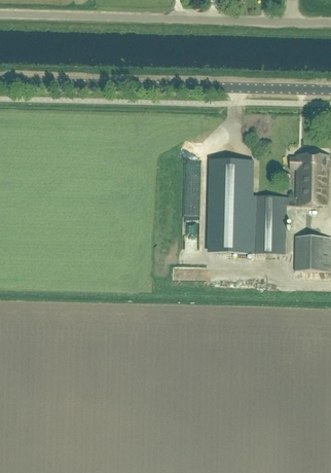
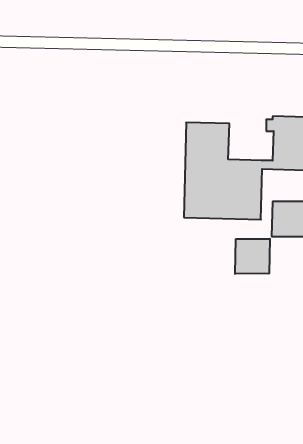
building: none -> [235,239,270,274]

